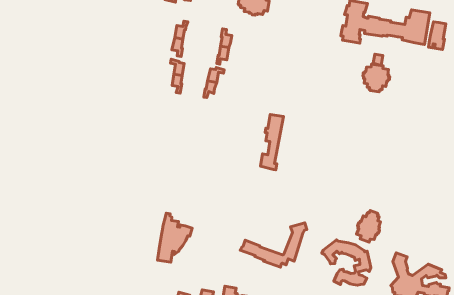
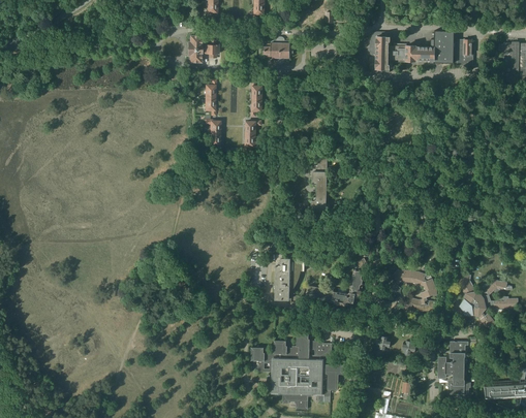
building: [363,64,390,92] -> none
building: [357,210,380,242] -> none
building: [157,213,192,262] -> [276,252,305,299]

